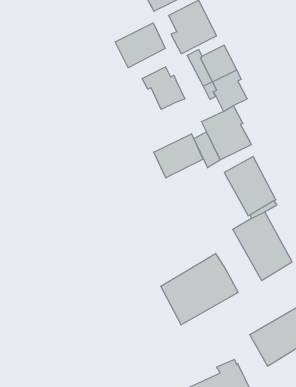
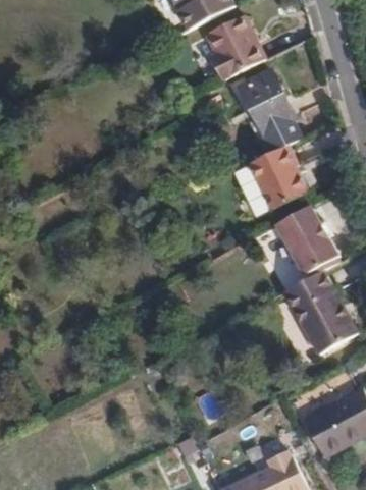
building: [115,23,165,68] -> none
building: [142,67,185,109] -> none
building: [154,134,203,178] -> none
building: [161,253,238,325] -> none

